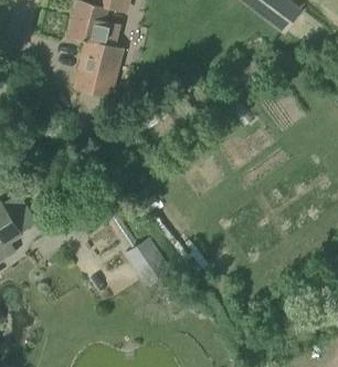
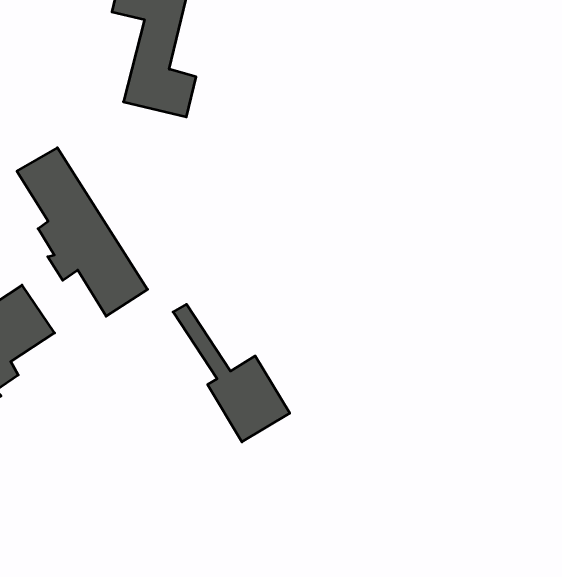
building: none -> [17,148,148,316]

